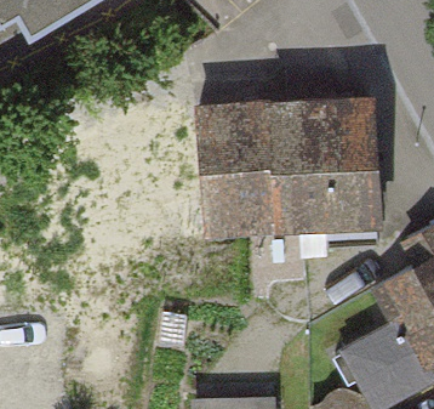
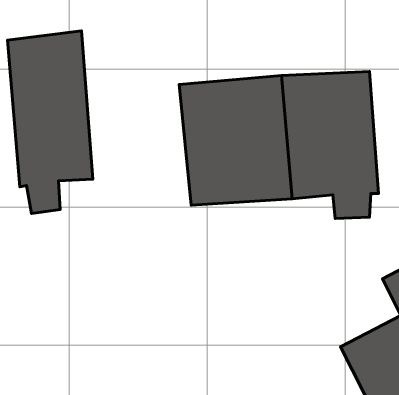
building: none -> [7,31,93,213]

